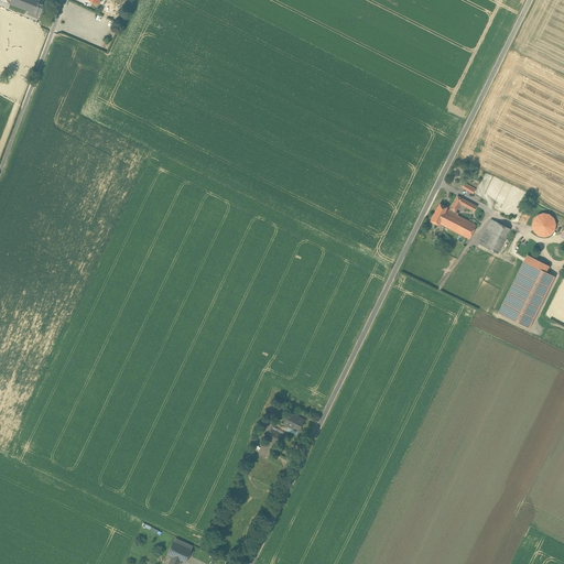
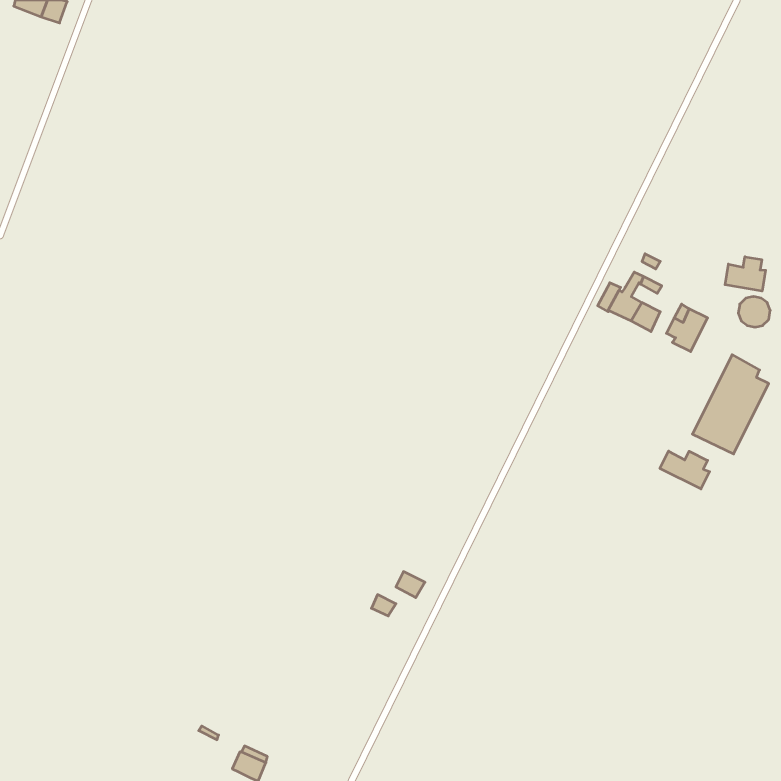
building: none -> [725,257,766,291]
building: none -> [660,451,710,489]

